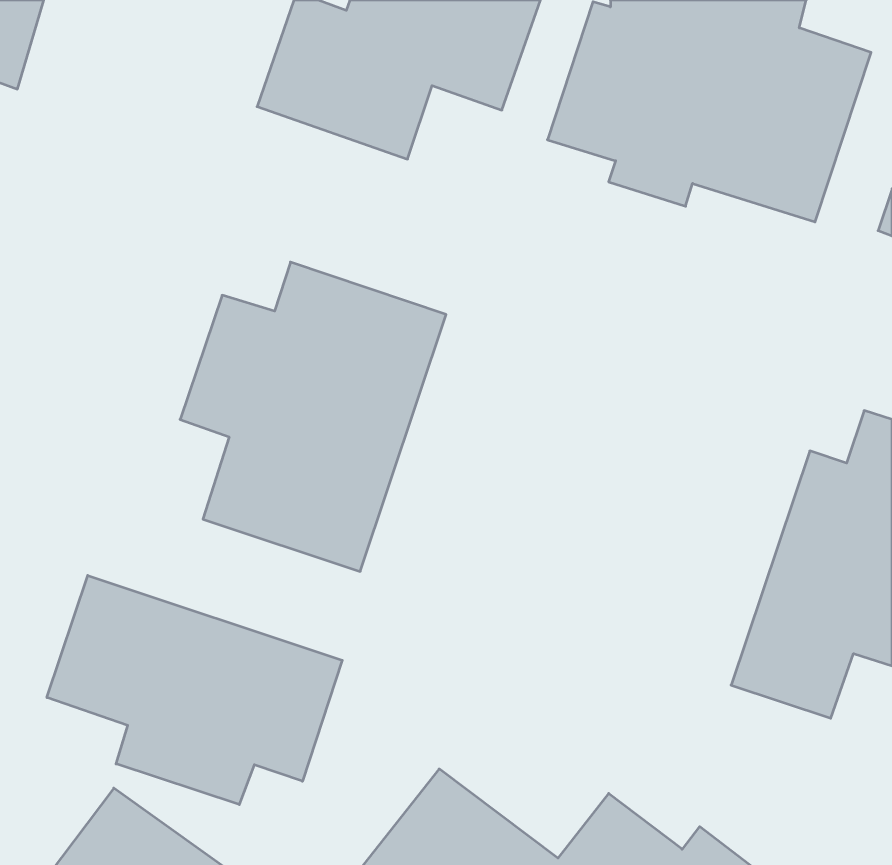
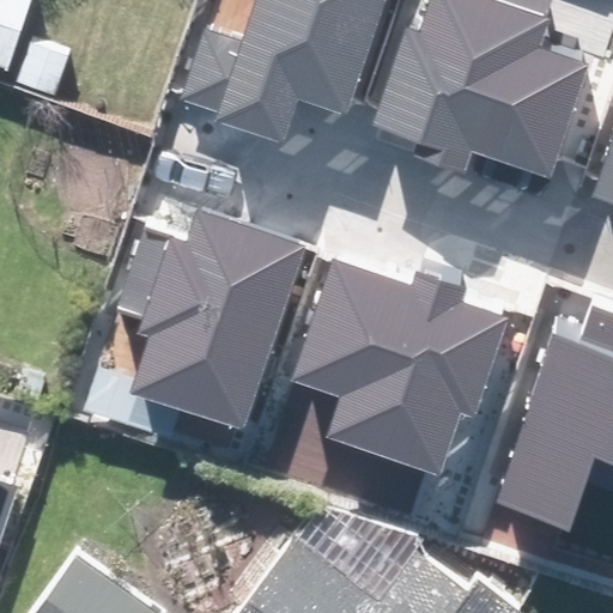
building: none -> [299,248,505,449]
building: [47,575,342,805] -> none

